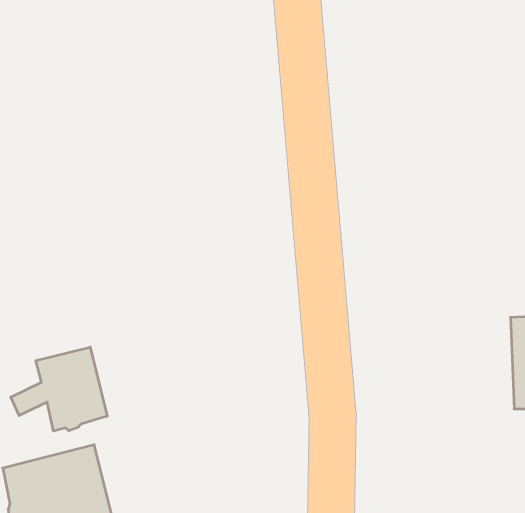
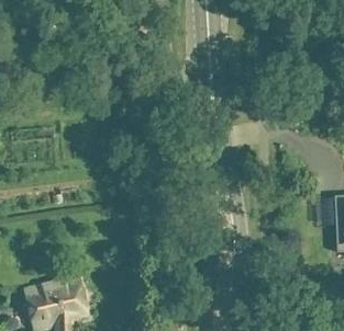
building: [11,347,107,431] -> none

